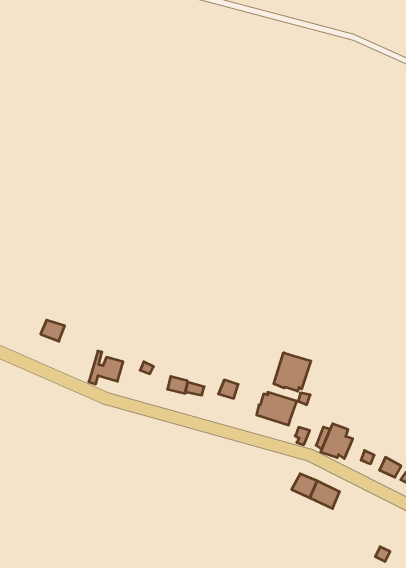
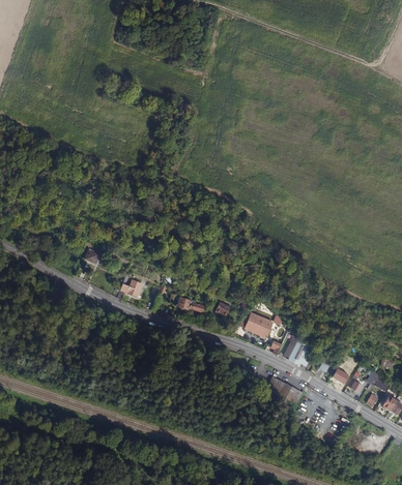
building: [274,353,311,391] -> none

